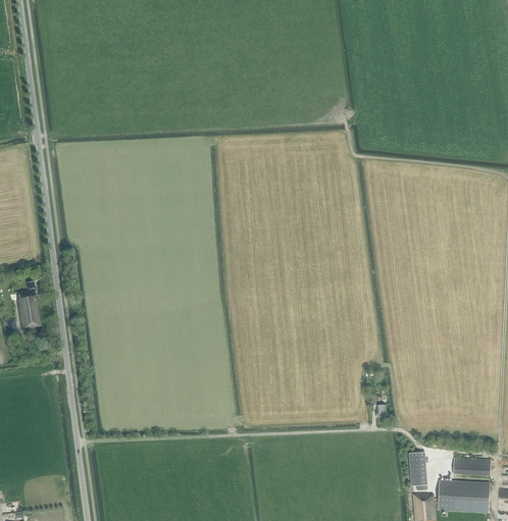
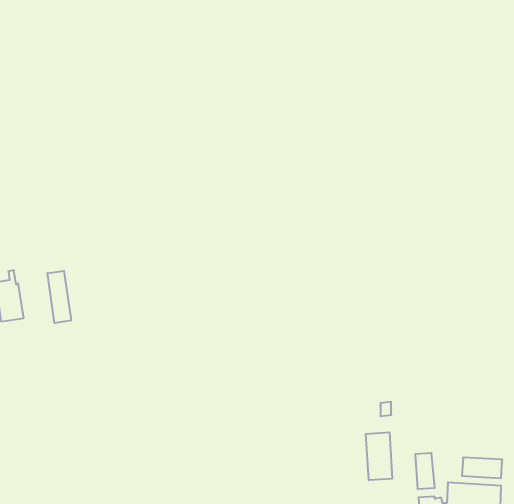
building: none -> [47,271,71,323]
building: none -> [366,432,392,480]

